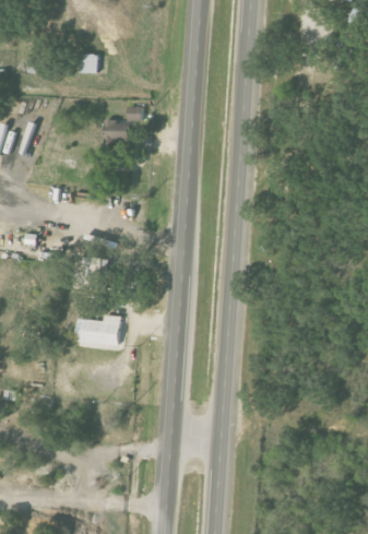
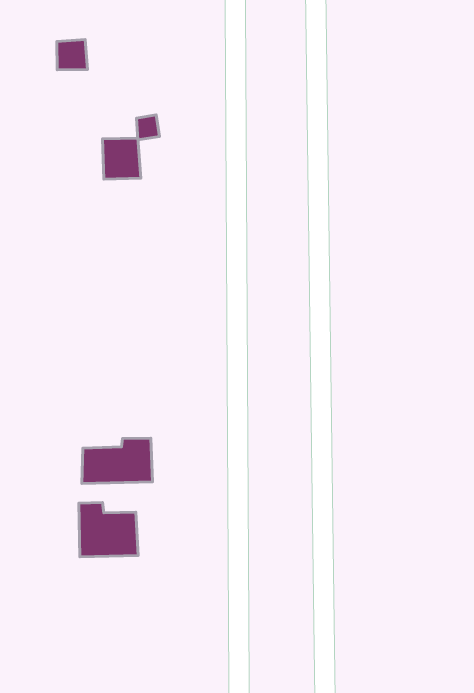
building: none -> [79,502,138,557]

